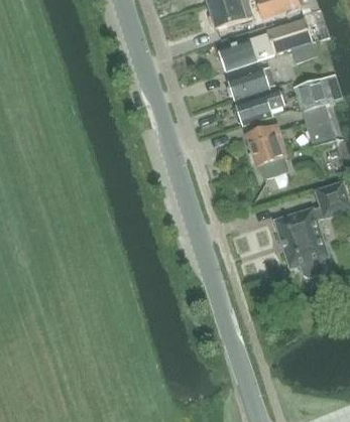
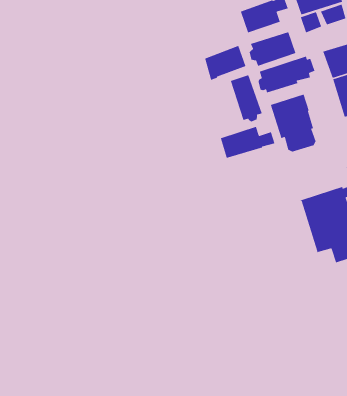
building: none -> [204,45,246,81]
building: none -> [230,74,263,123]
building: none -> [220,126,276,159]

